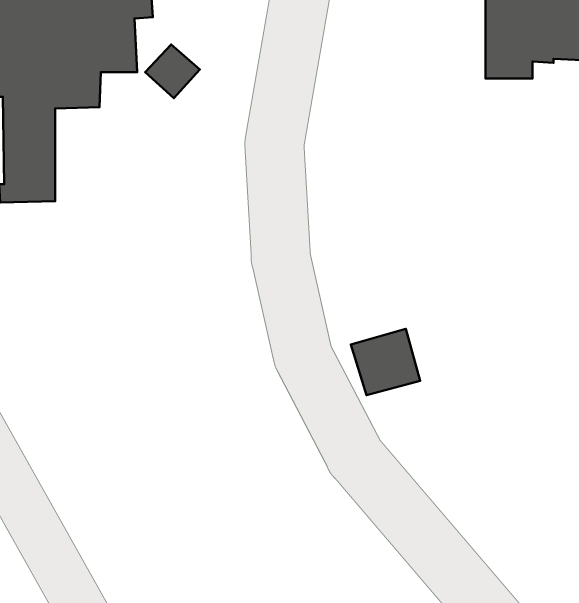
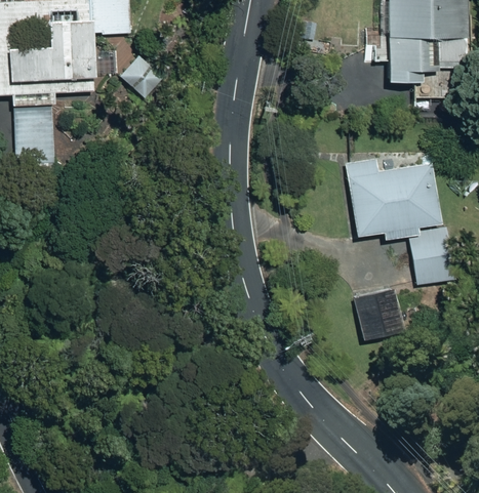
building: none -> [346,157,455,283]
building: [351,329,420,395] -> [351,287,405,339]

